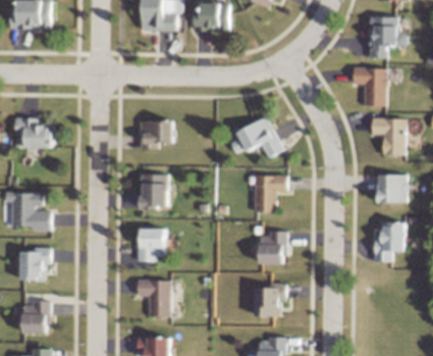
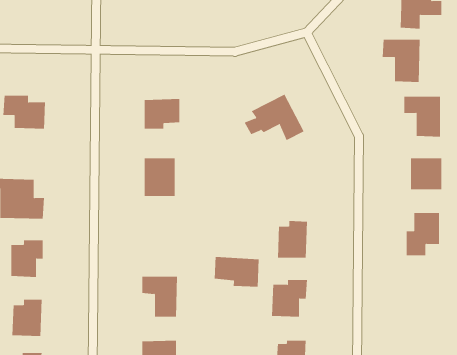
building: [254,174,287,212] -> none
building: [138,227,165,261] -> none
building: none -> [214,256,259,287]

